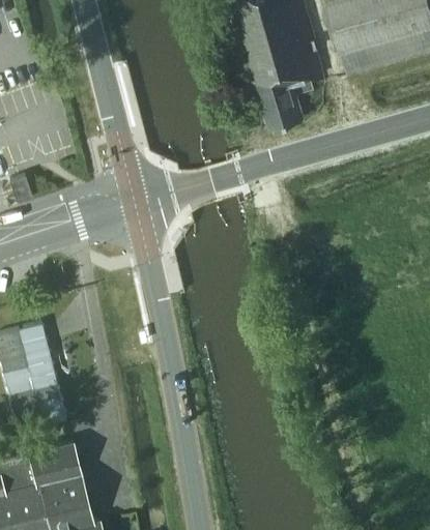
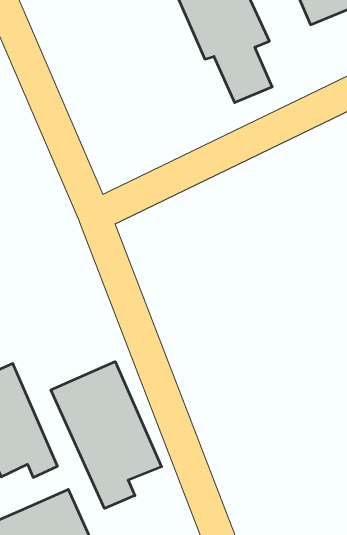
building: none -> [51,362,162,508]

